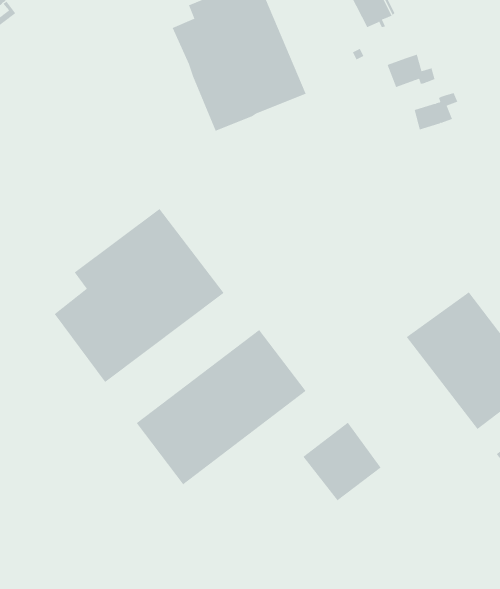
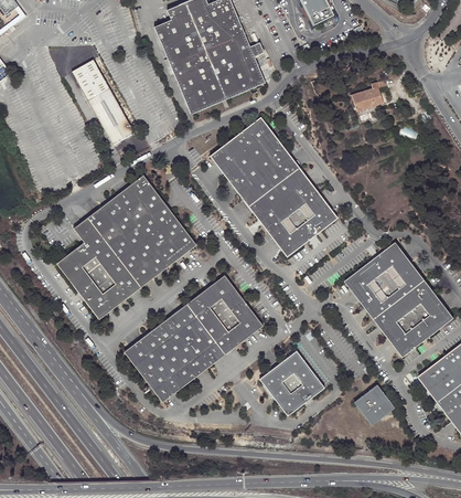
building: [387,54,435,88] -> none
building: none -> [71,57,132,144]
building: none -> [210,117,337,256]
building: none -> [353,384,395,425]

